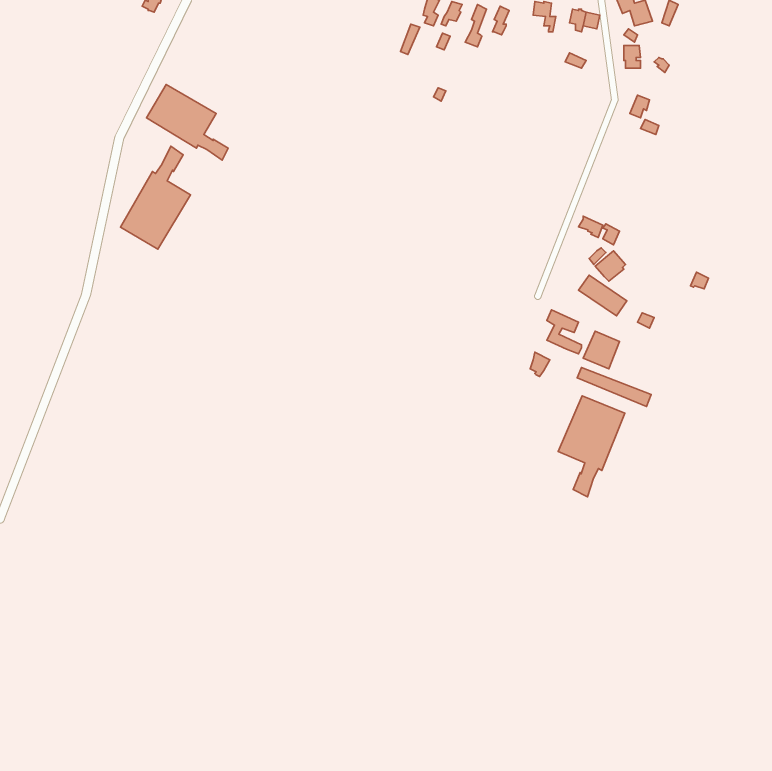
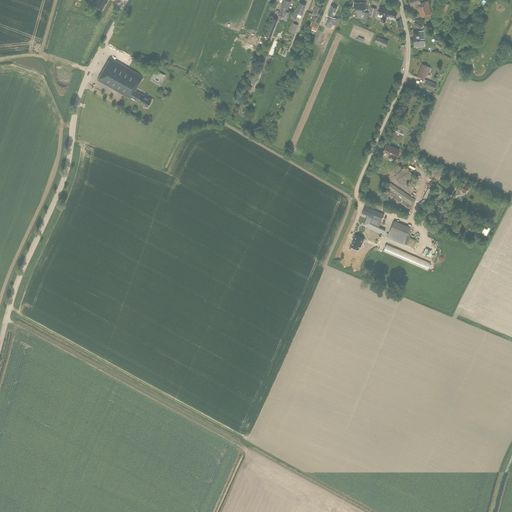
building: [120,146,190,249] -> none
building: [558,396,625,497] -> none

